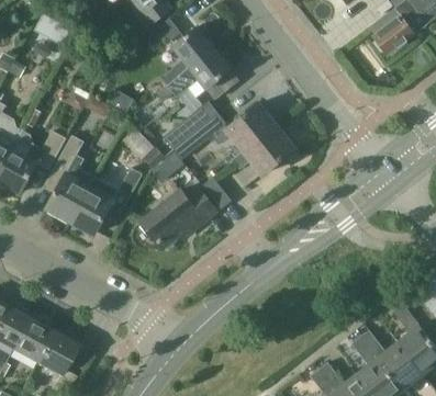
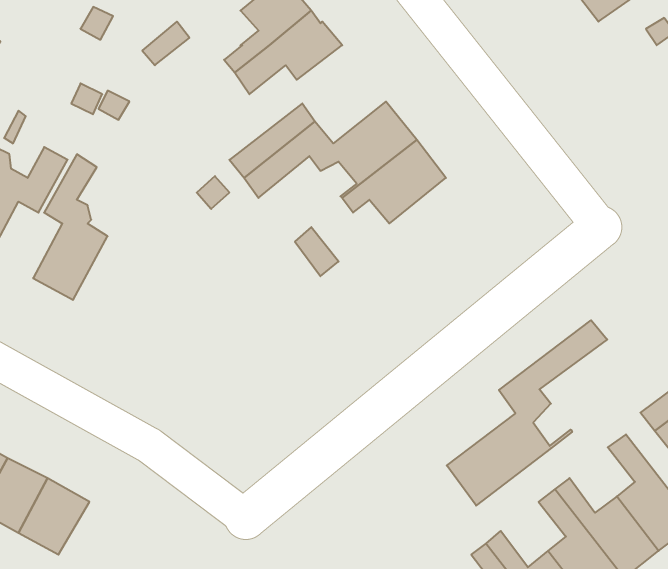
building: [69,167,143,235] -> none
building: [138,185,215,248] -> none
building: none -> [447,320,607,506]

